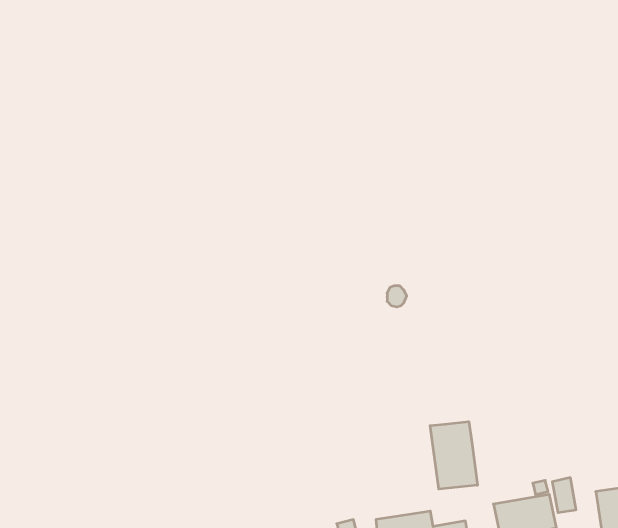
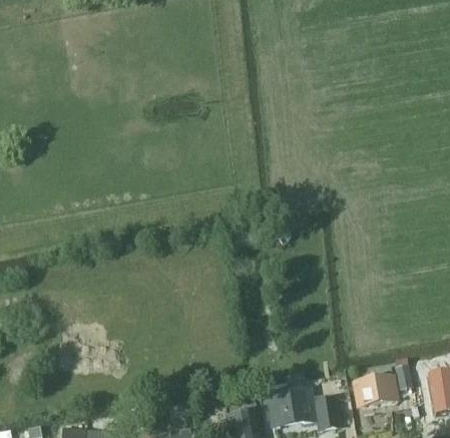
building: [430,422,477,489] -> none

